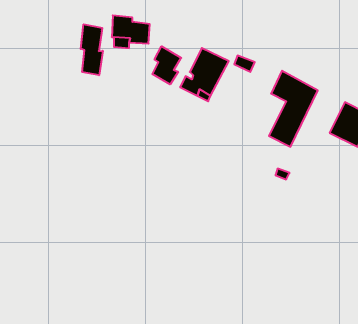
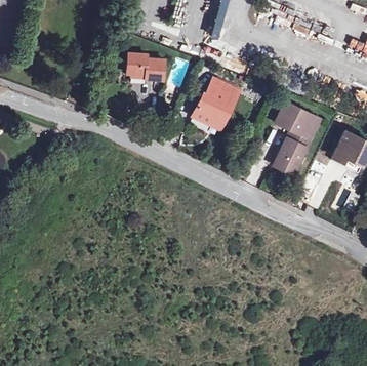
building: [81,24,103,75] -> none
building: [152,46,181,84] -> none

